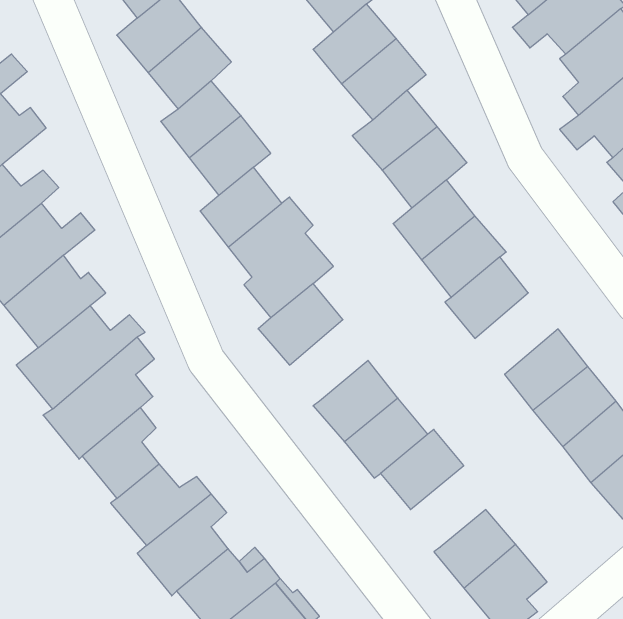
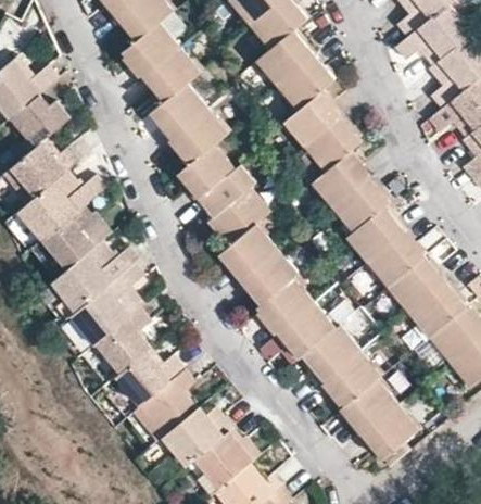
building: none -> [368,231,426,288]
building: none -> [240,250,298,306]
building: none -> [324,351,381,407]

